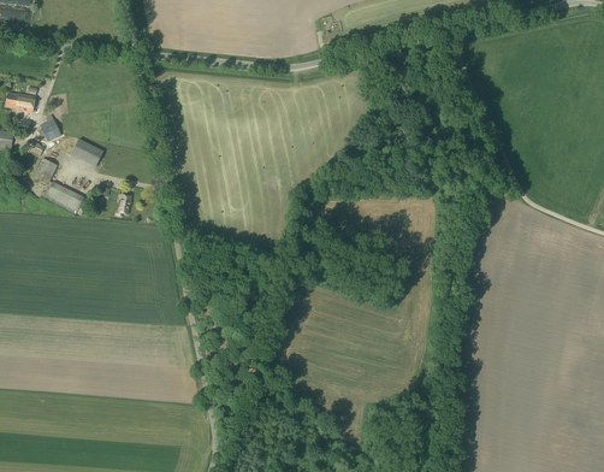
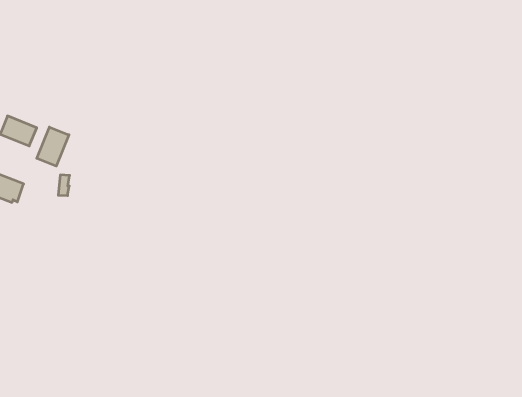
building: none -> [37,127,69,166]

